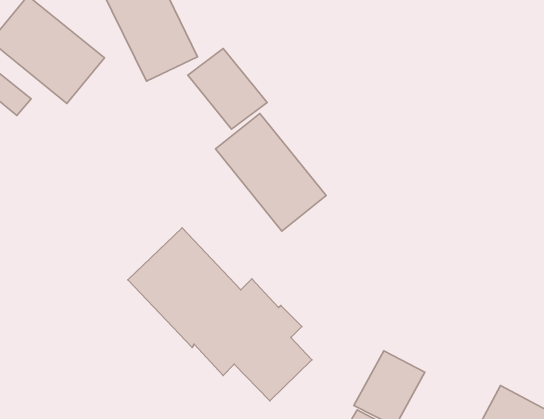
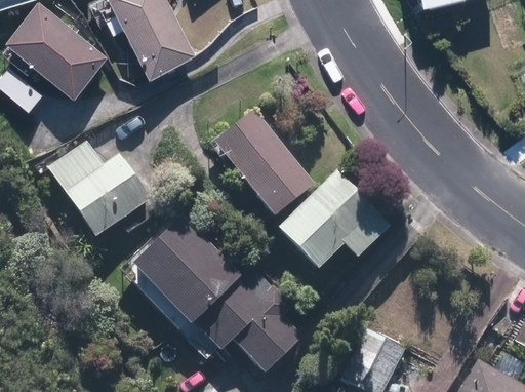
building: [188,48,267,129] -> none
building: none -> [47,142,152,240]
building: none -> [276,170,390,270]

